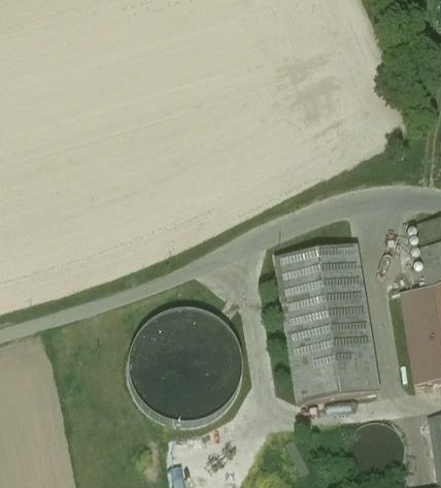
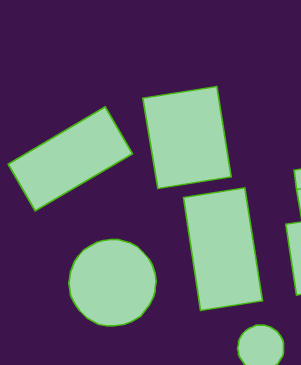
building: none -> [143,86,231,188]
building: none -> [8,107,133,211]

